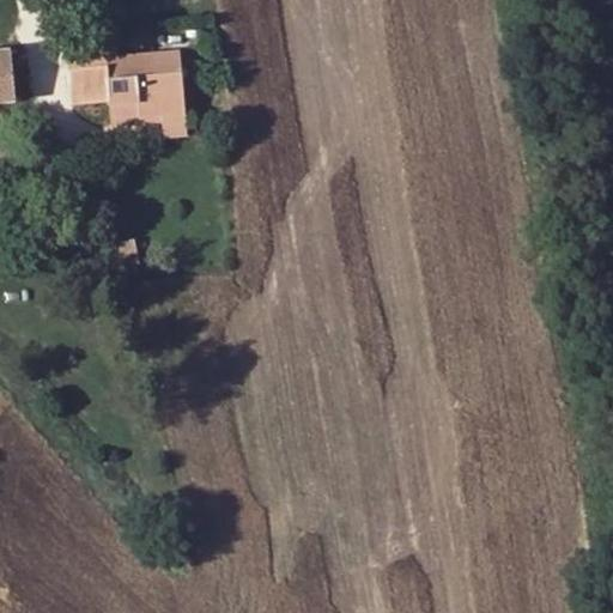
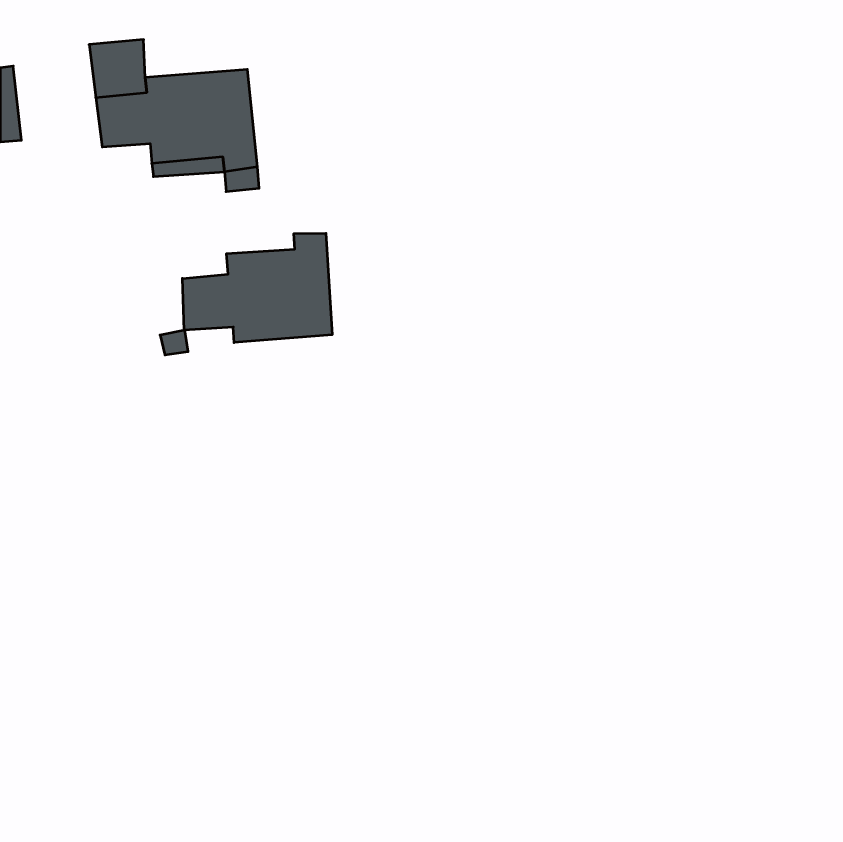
building: none -> [182,233,332,343]

